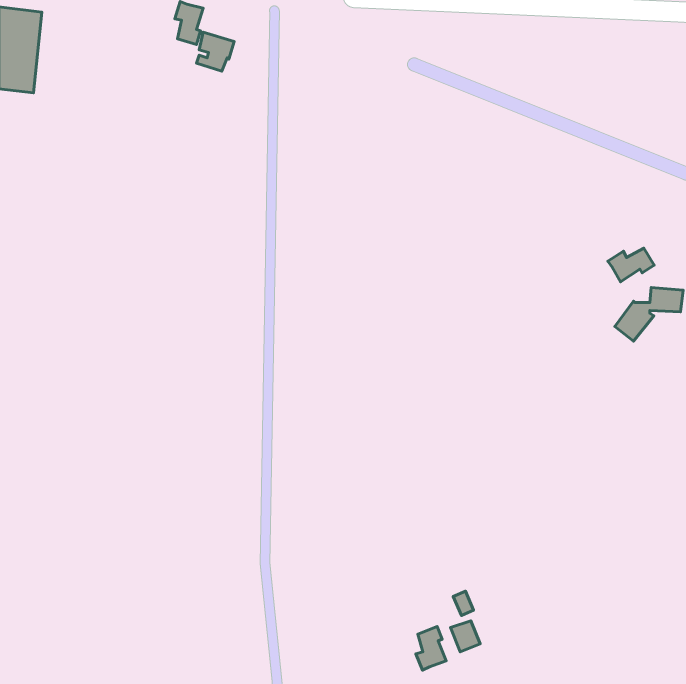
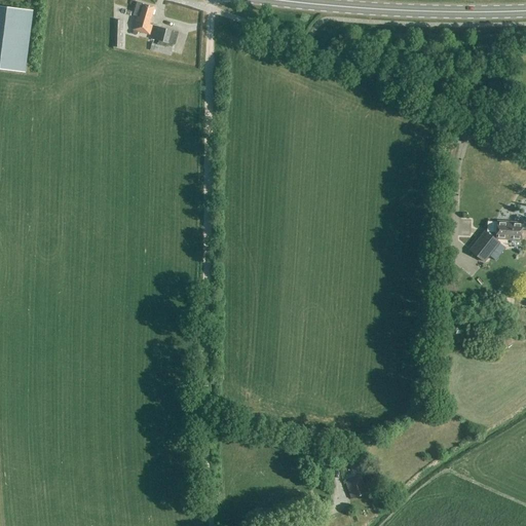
building: [608,248,654,282] -> none
building: [416,627,446,670] -> none

